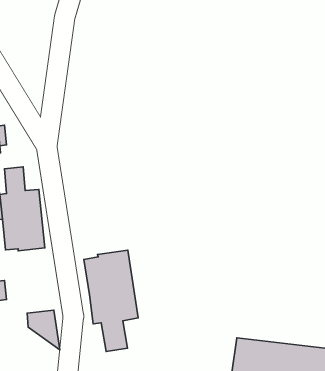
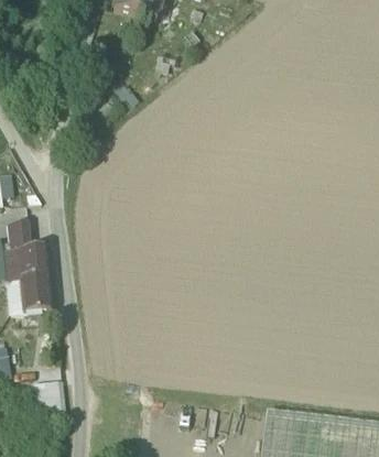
building: [84,250,138,351] -> none

